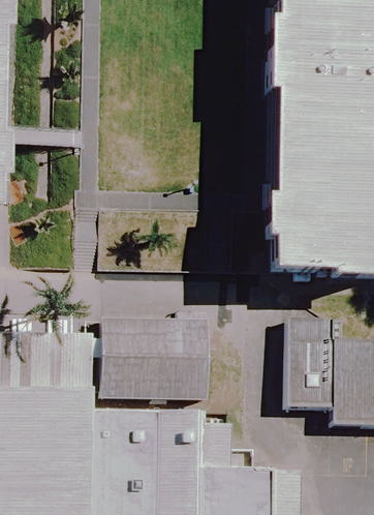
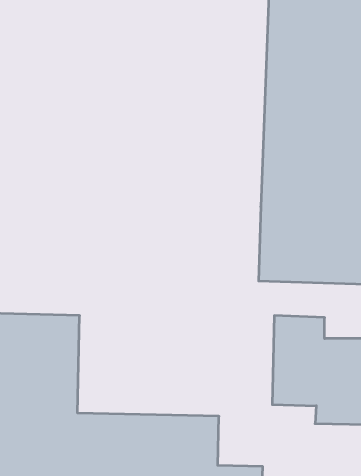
building: [103,317,208,399] -> none

